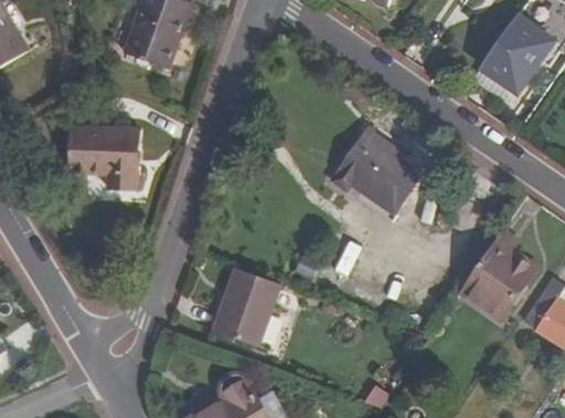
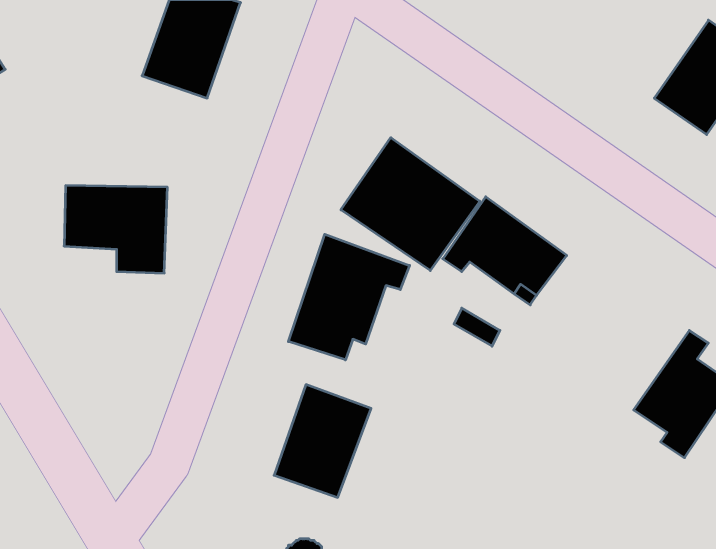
building: none -> [341,138,480,271]
building: none -> [288,234,410,360]

